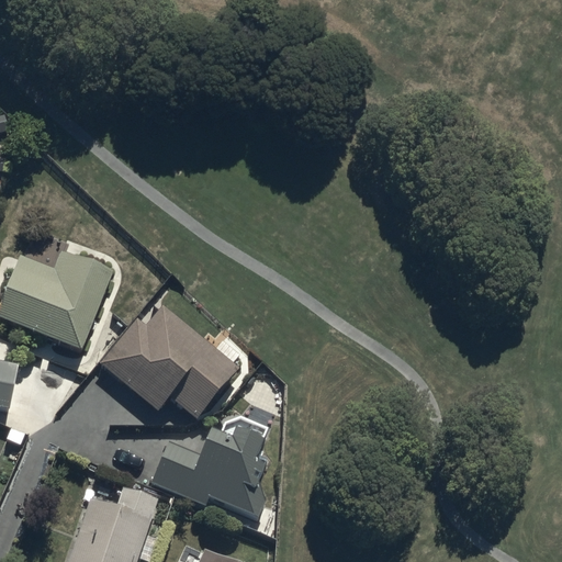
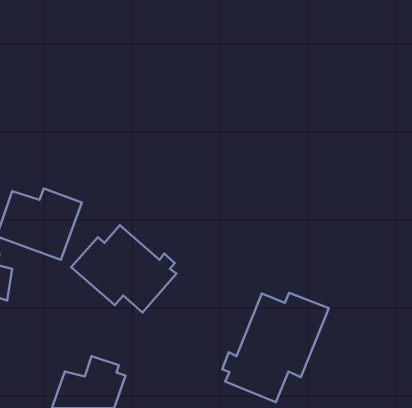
building: none -> [222,293,329,402]
building: [149,419,265,514] -> none

